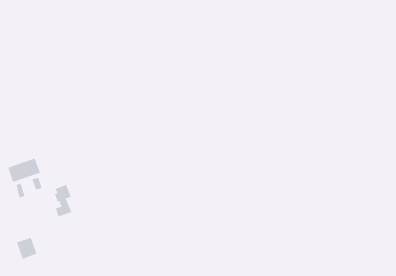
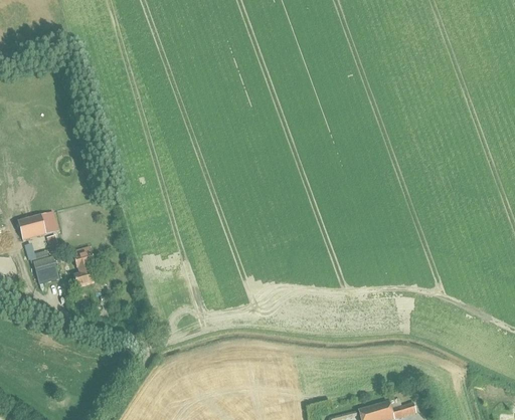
building: [16,237,37,259] -> [34,257,59,284]

